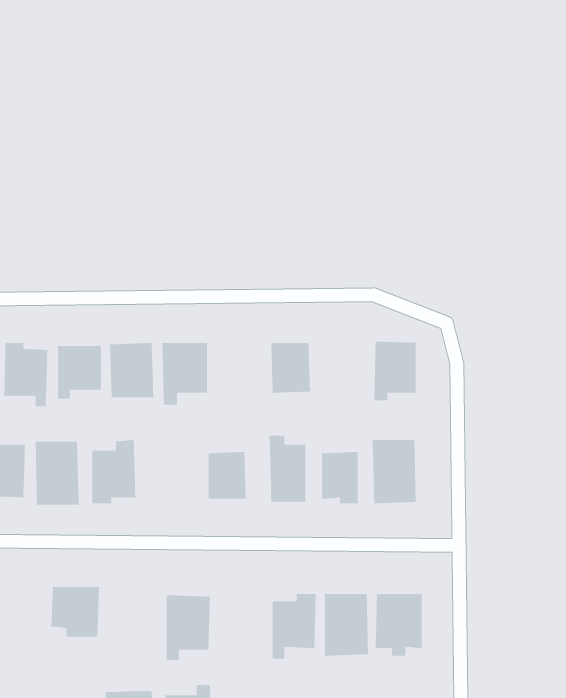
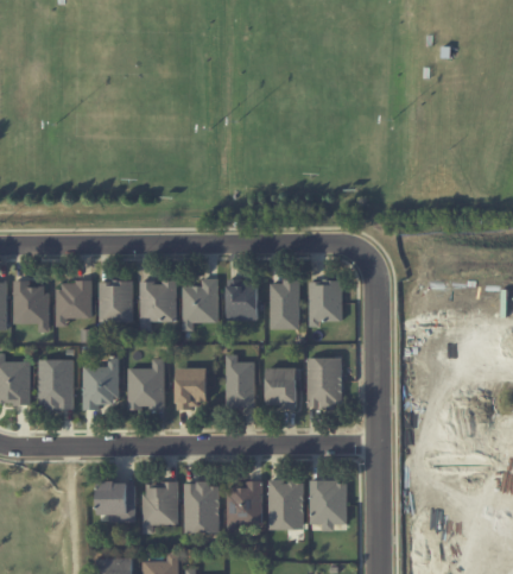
building: none -> [182,278,218,332]
building: none -> [270,280,299,329]
building: none -> [127,359,164,409]
building: [51,586,100,637] -> [97,481,137,522]
building: none -> [184,481,218,534]

